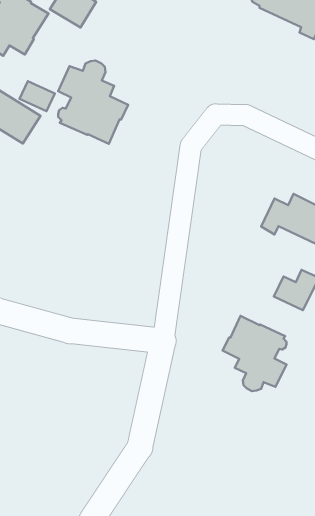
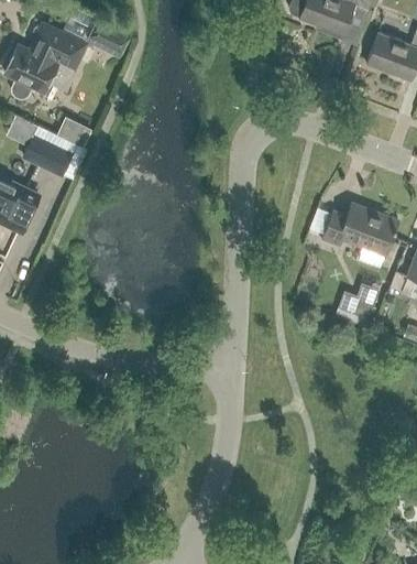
building: [58,61,128,144] -> none
building: [223,316,286,391] -> none

